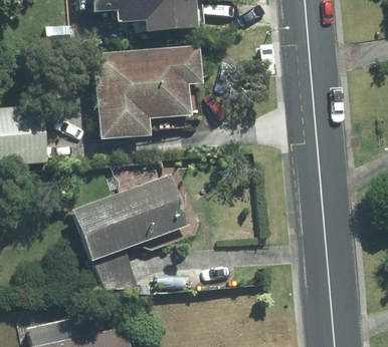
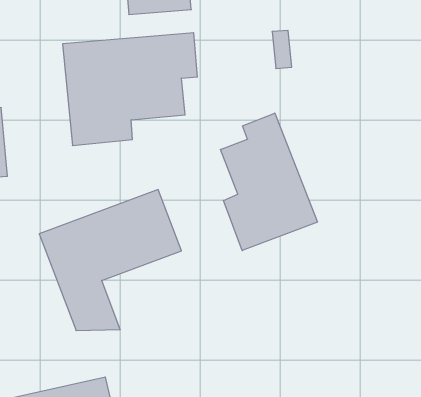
building: none -> [220,113,317,251]

